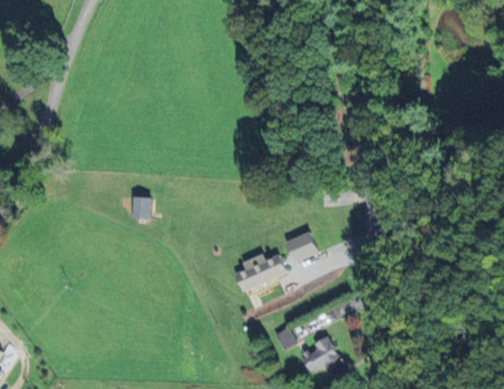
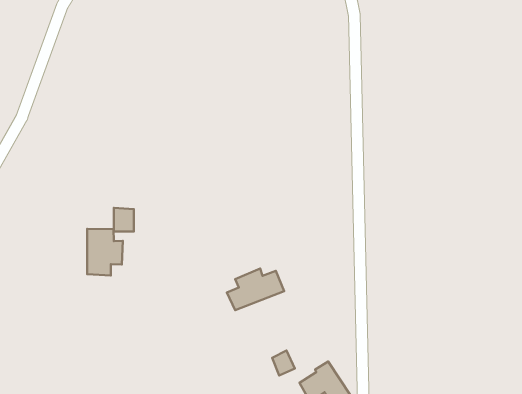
building: none -> [87,229,123,275]
building: [286,231,318,262] -> none

